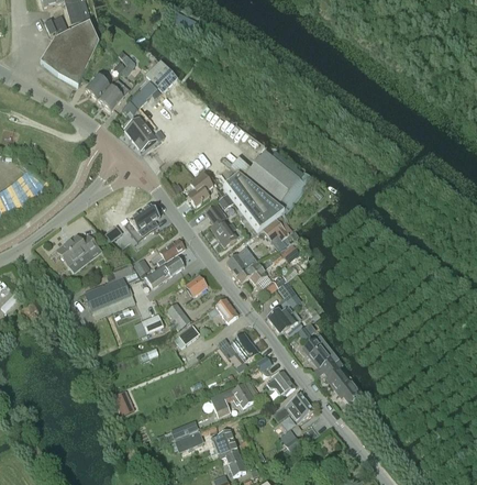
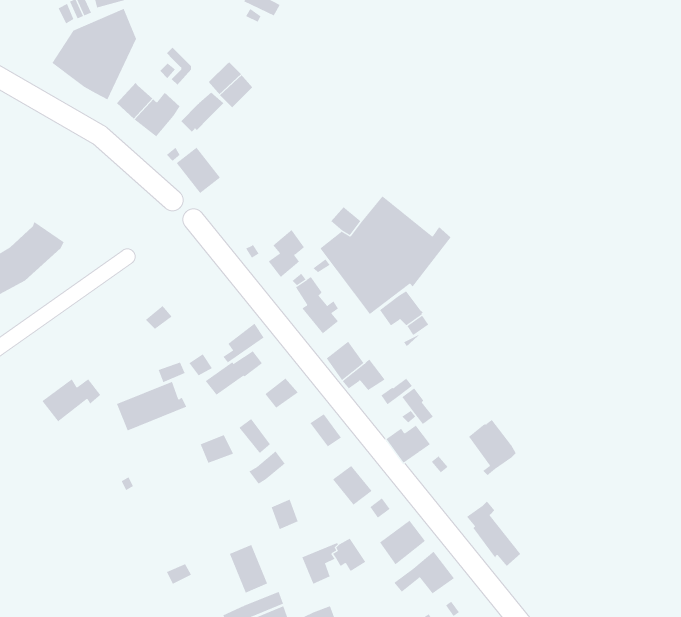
building: [129,205,159,239] -> none
building: [56,235,97,265] -> [42,379,101,422]
building: [303,335,336,374] -> [468,419,517,476]
building: none -> [229,544,268,593]

